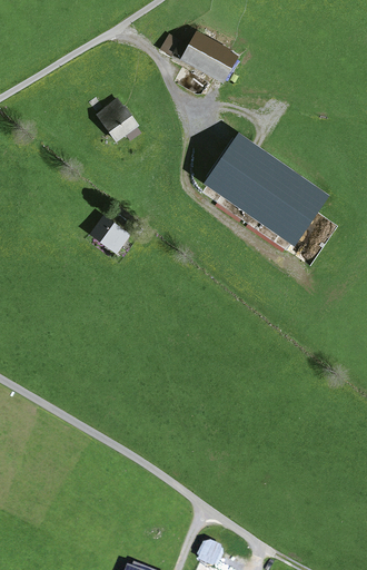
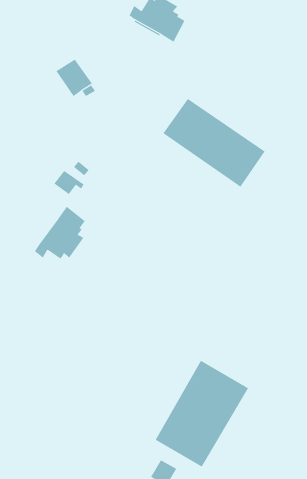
building: none -> [34,206,86,259]
building: none -> [155,360,249,467]

